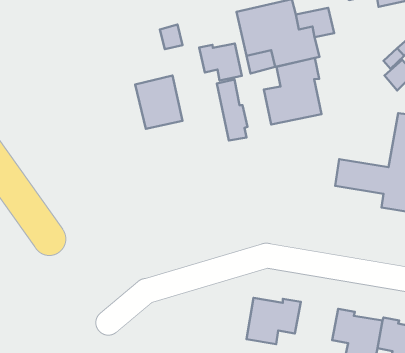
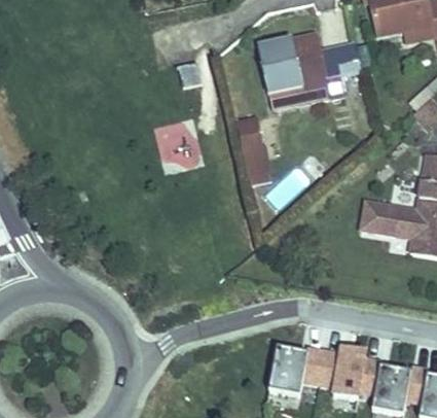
building: [199,43,242,80] -> none
building: [264,58,322,124] -> none
building: none -> [319,346,365,397]

